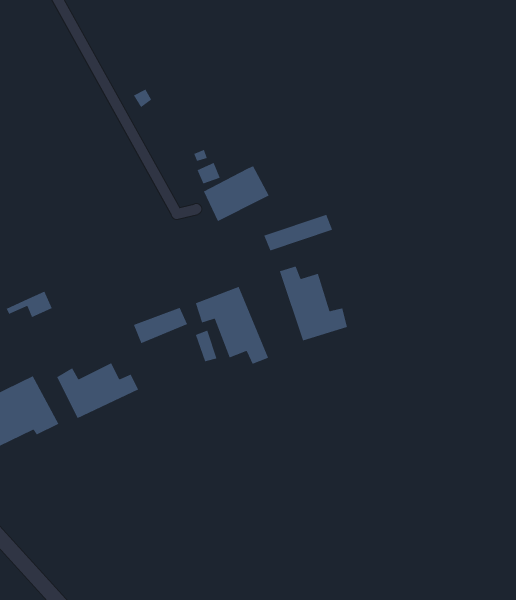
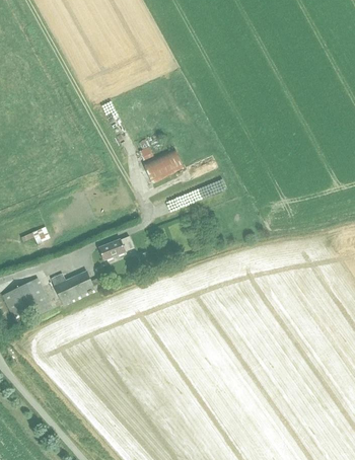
building: [279,265,348,341] -> none
building: [195,286,269,365] -> none

